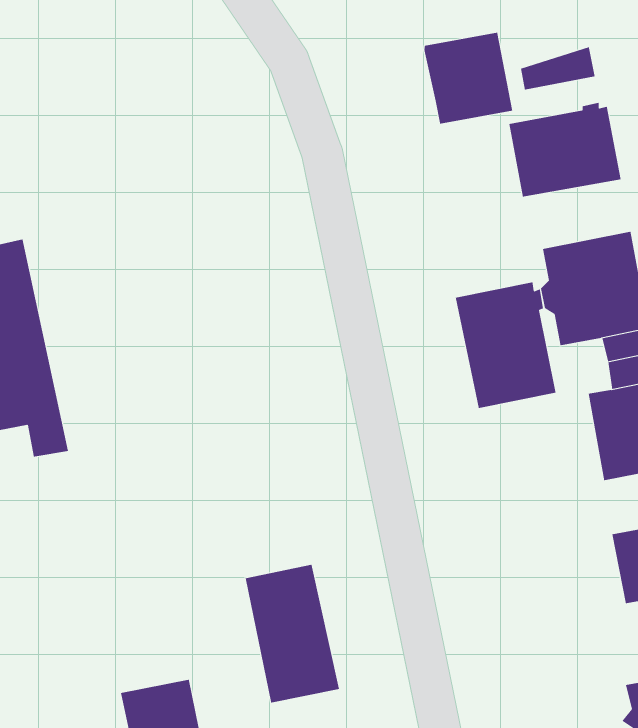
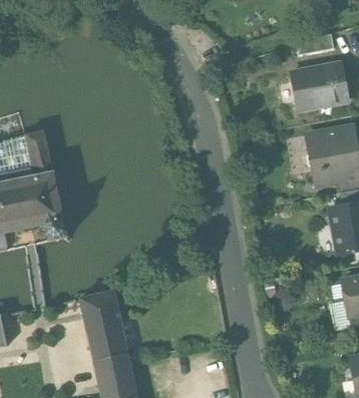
building: [424,32,513,125] -> none
building: [455,282,556,409] -> none
building: [245,564,340,703] -> [80,290,128,360]

